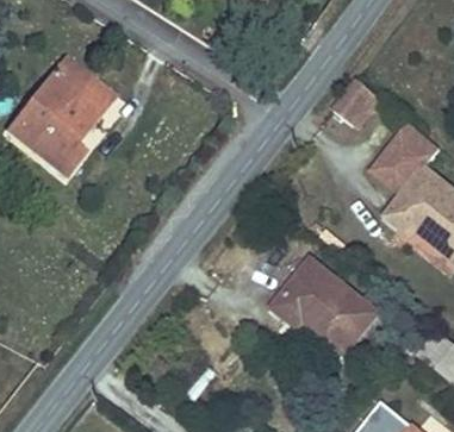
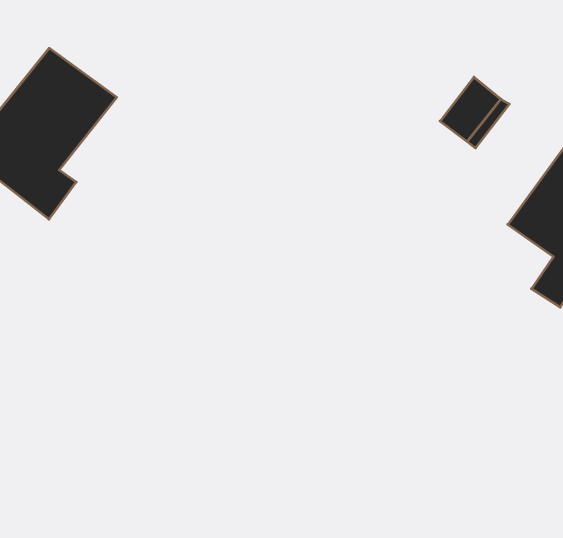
building: [275,268,379,361] -> none

